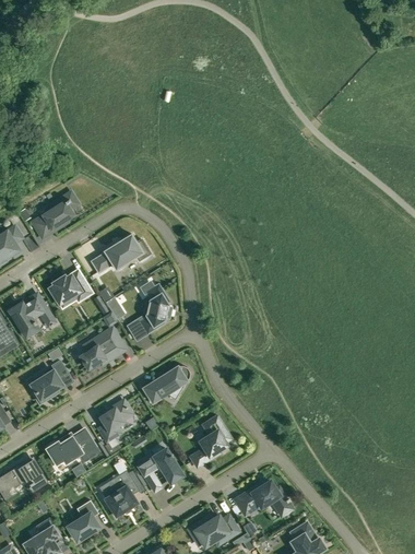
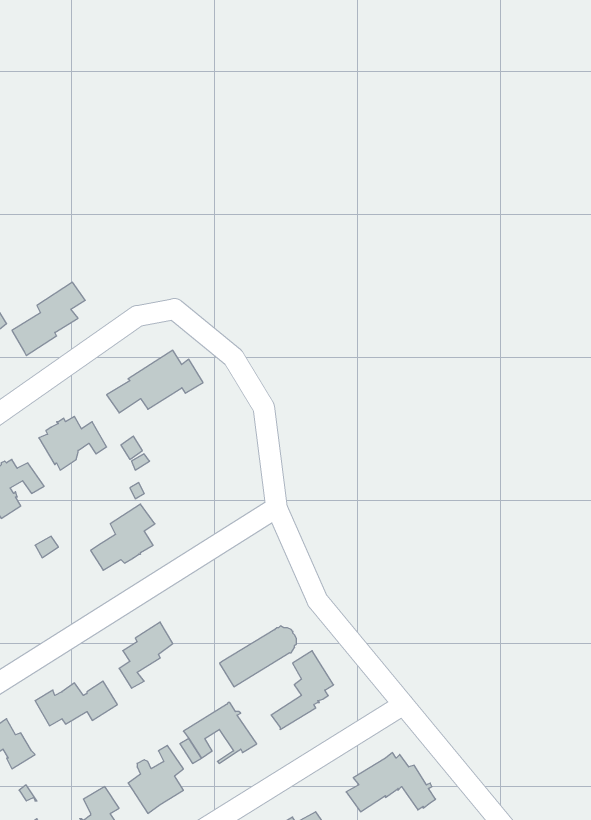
building: [127,284,168,332] -> none
building: [32,361,67,403] -> none
building: [142,365,189,402] -> [220,626,296,687]

